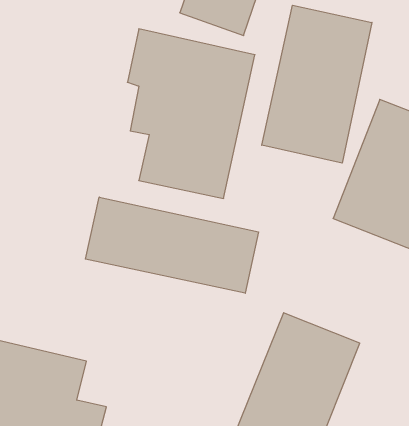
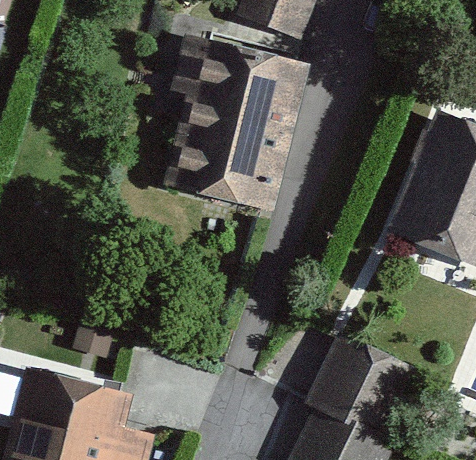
building: [262,5,372,163] -> none
building: [85,197,258,293] -> none

